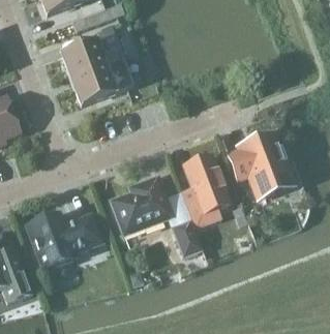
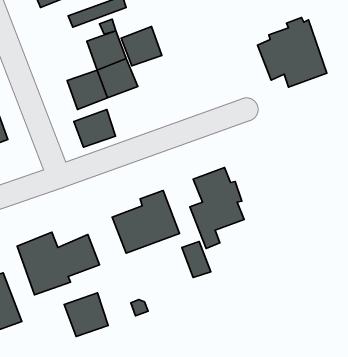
building: [62,43,98,79] -> [121,27,162,66]
building: none -> [74,110,116,147]
building: [229,130,291,192] -> [257,17,327,87]
building: none -> [64,293,108,336]

